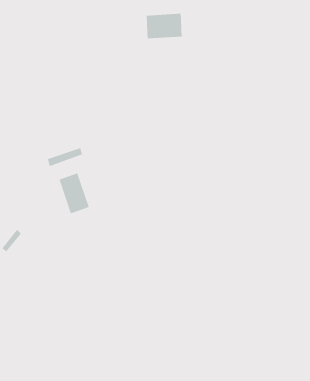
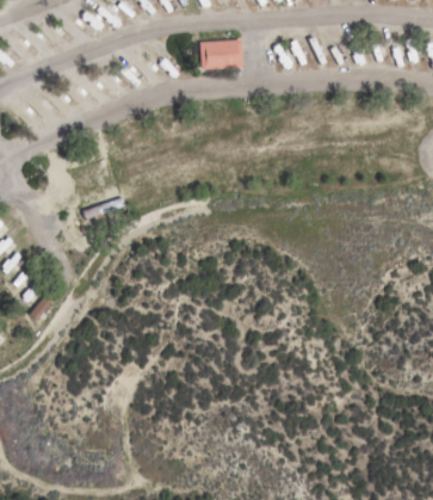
building: [59,172,89,214] -> none

